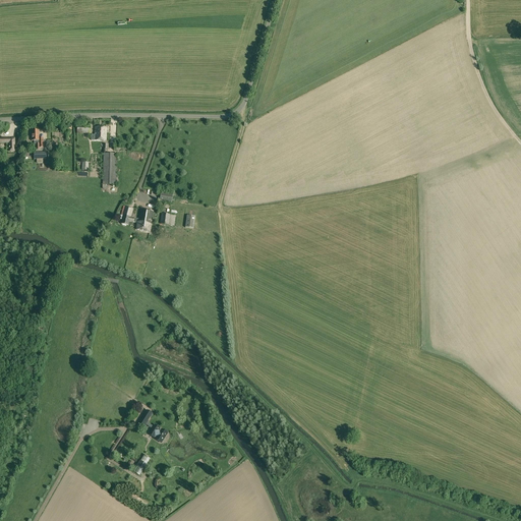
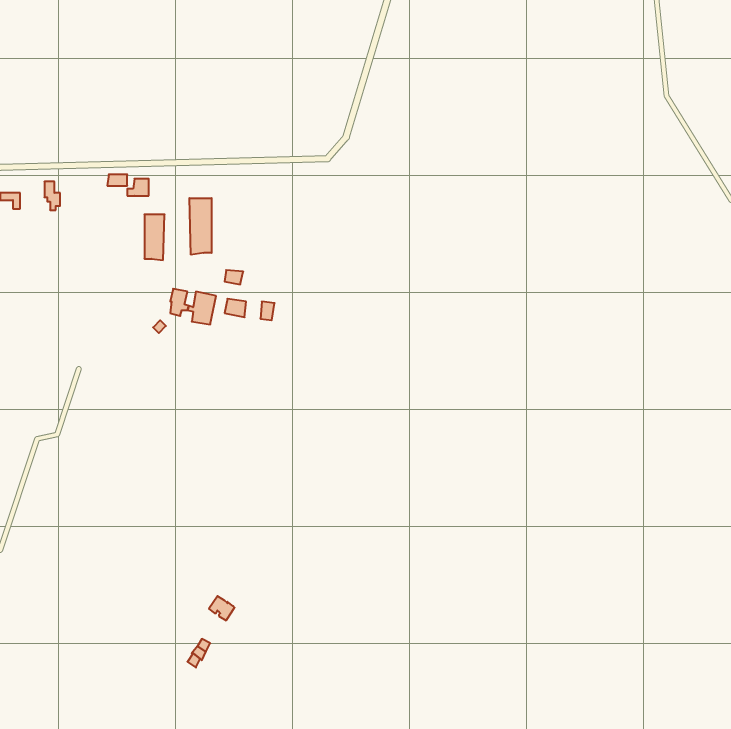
building: none -> [189,198,212,255]

